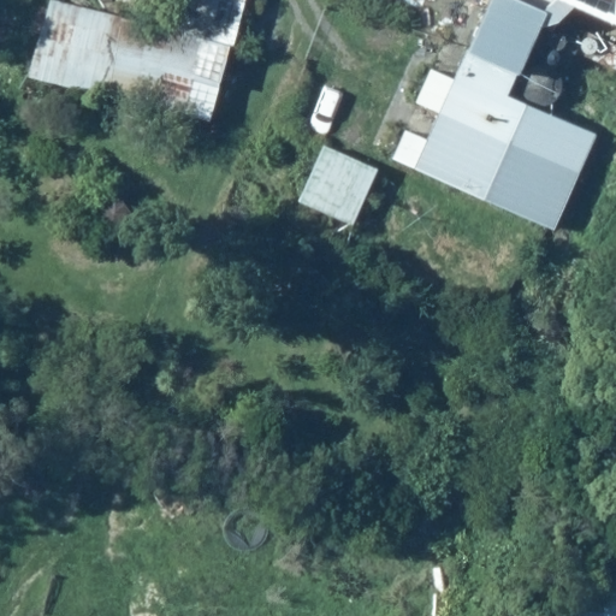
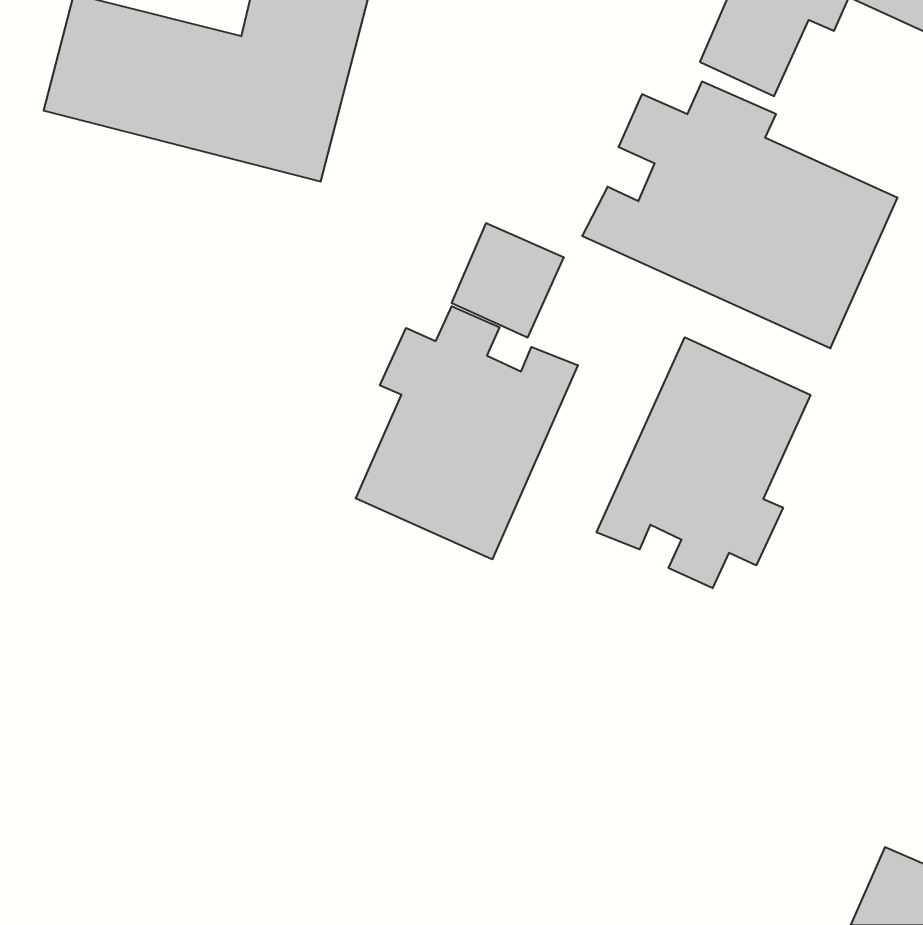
building: none -> [356,306,578,559]
building: none -> [597,337,810,588]

